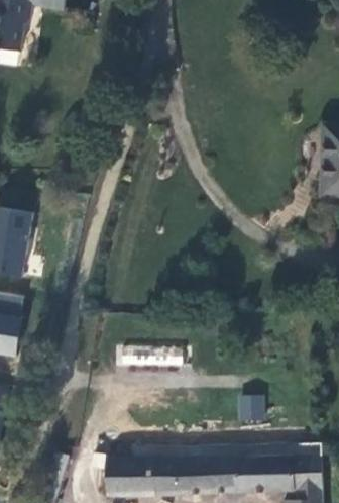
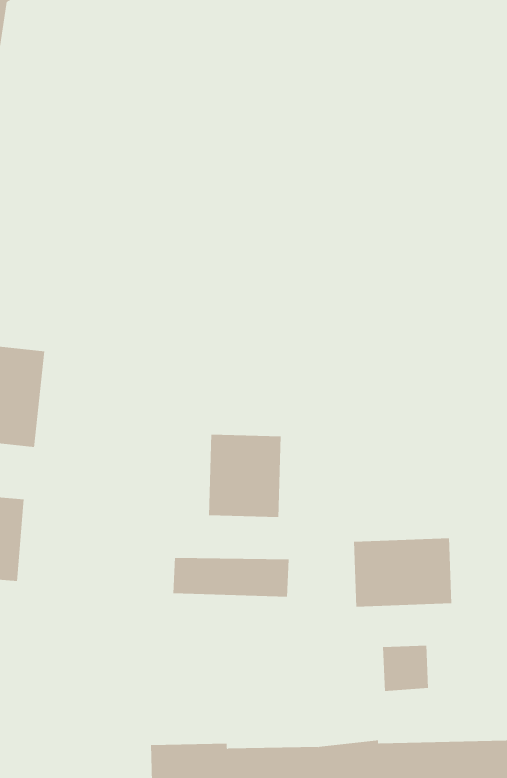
building: none -> [208,434,281,518]
building: none -> [353,538,452,608]

